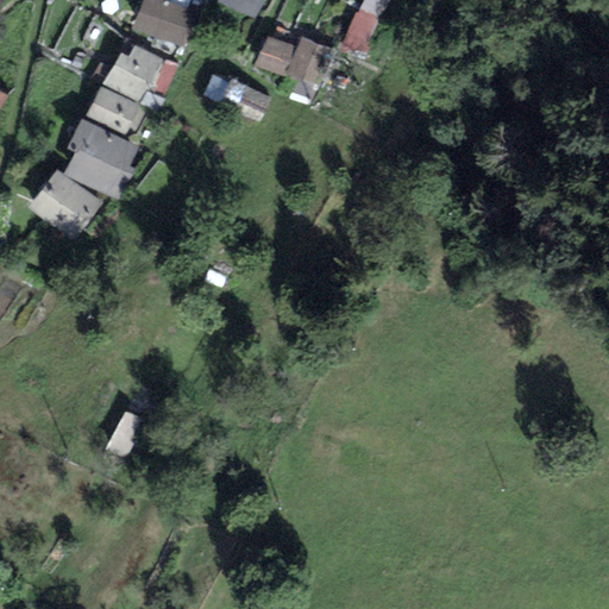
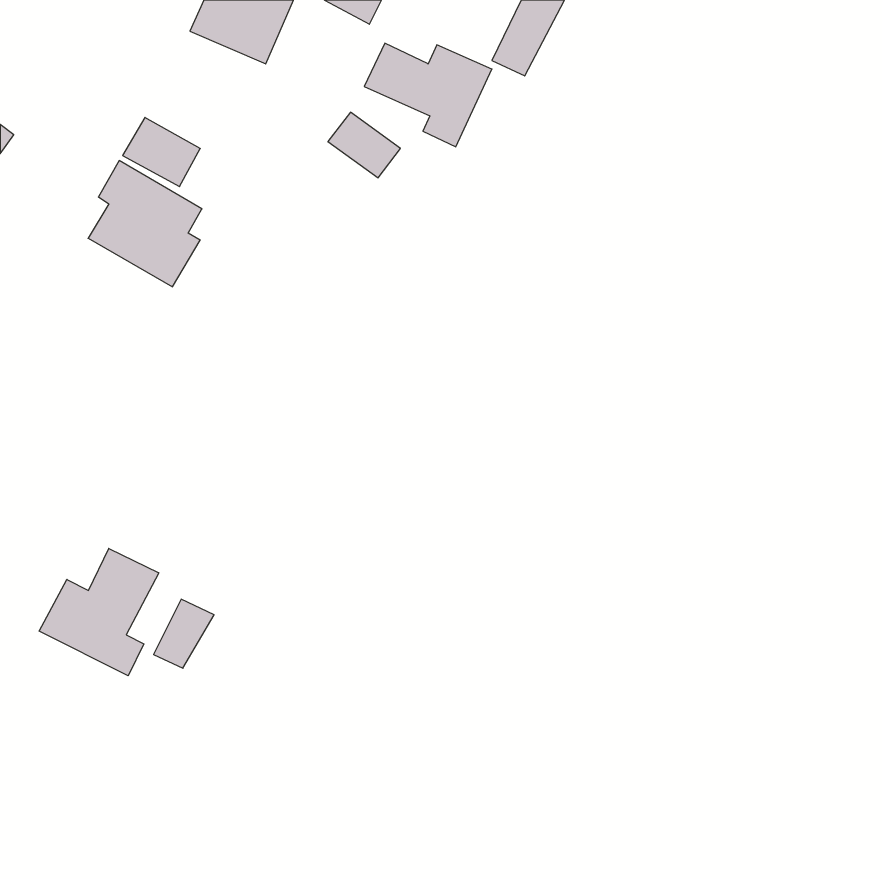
building: [101,43,168,105] -> none
building: [27,165,101,237] -> none
building: none -> [39,548,159,676]

